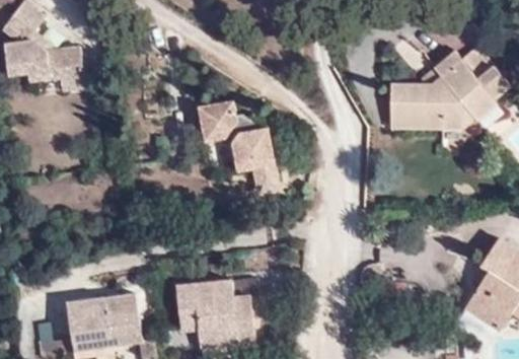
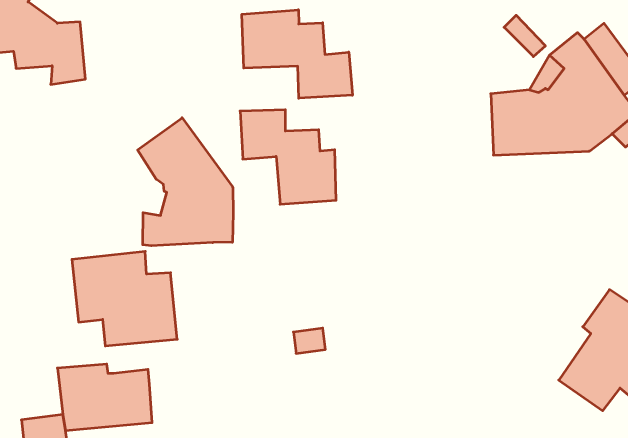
building: none -> [242,10,352,98]
building: none -> [138,118,233,246]
building: [175,278,255,350] -> [72,251,177,346]

